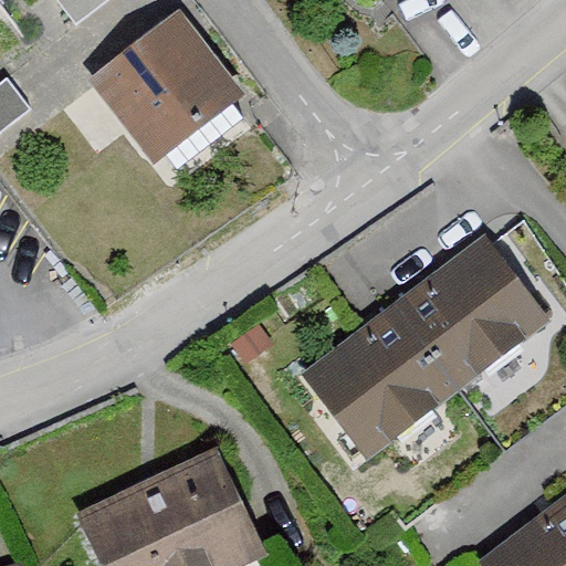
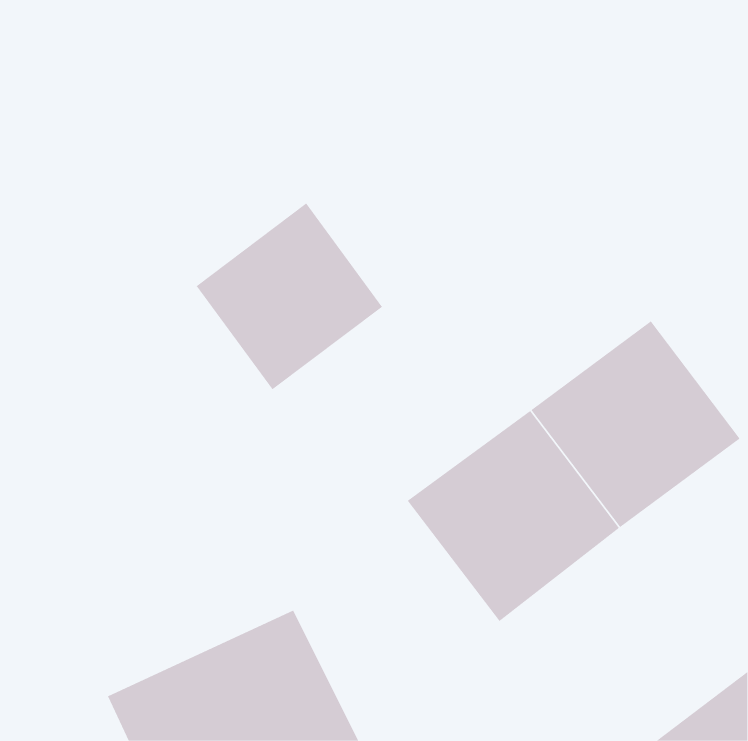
building: [91,15,238,161] -> none
building: none -> [196,203,383,390]

